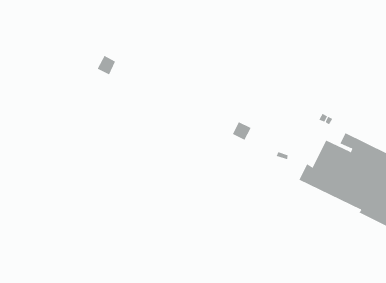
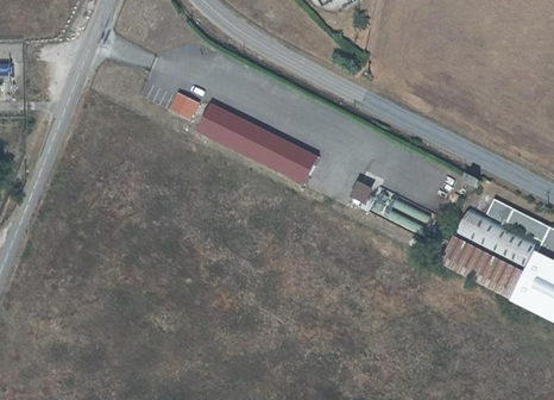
building: none -> [200,105,319,185]

